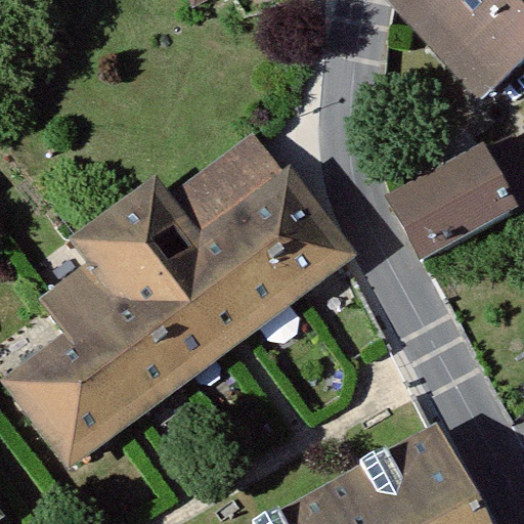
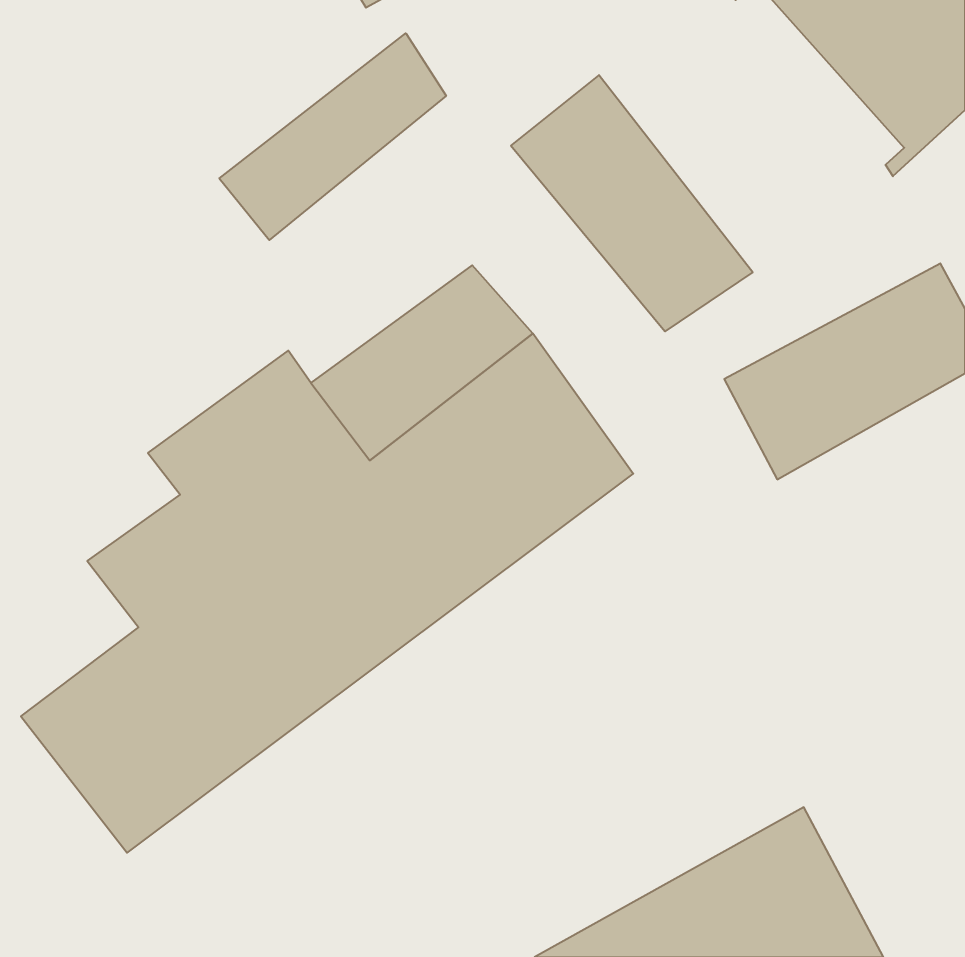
building: none -> [219,33,446,240]
building: none -> [511,75,753,331]

